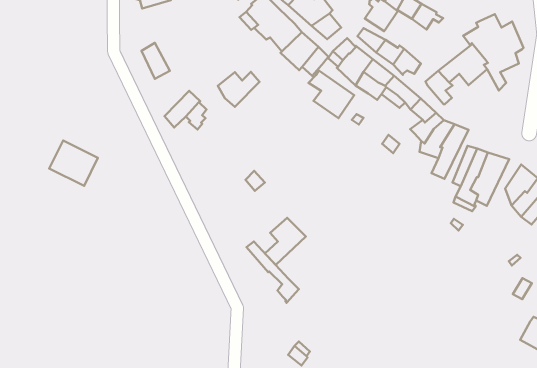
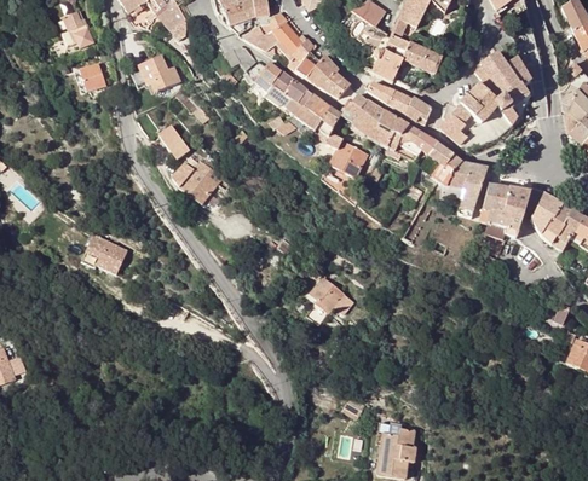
building: [218,72,260,107] -> [171,158,211,195]
building: [246,241,299,303] -> none

